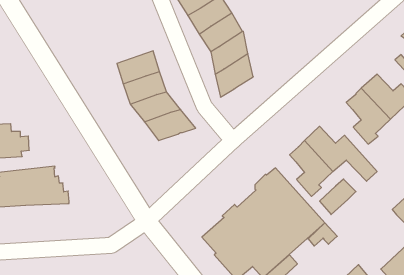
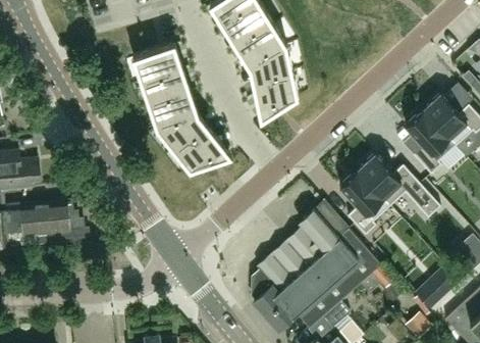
building: none -> [134,44,183,82]
building: [320,179,356,215] -> [417,267,459,308]

